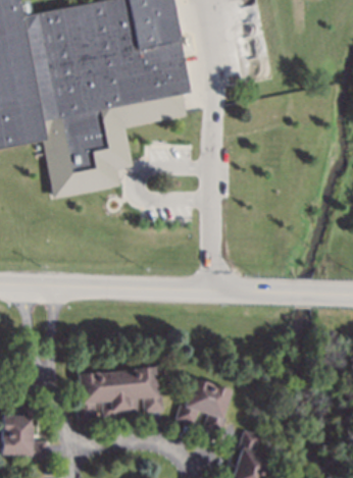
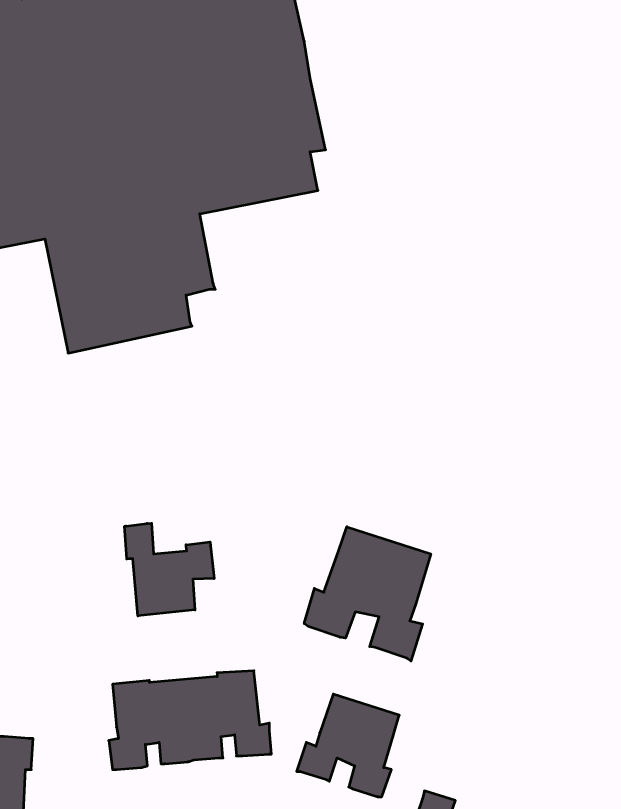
building: none -> [125,523,214,616]
building: none -> [304,527,431,661]

